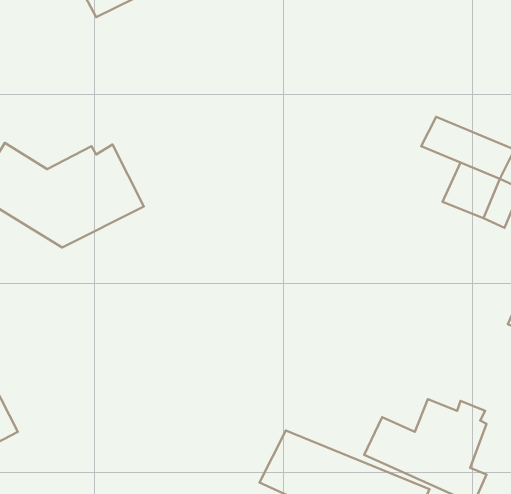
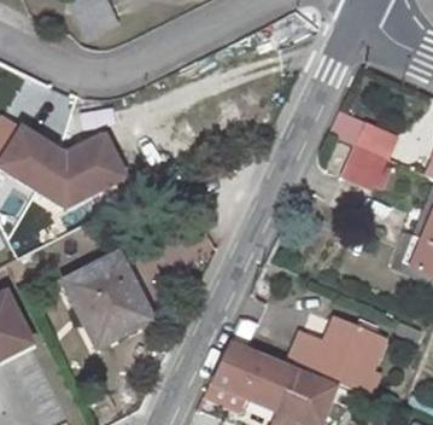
building: none -> [64,252,150,345]

